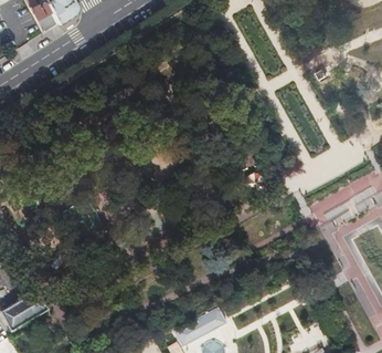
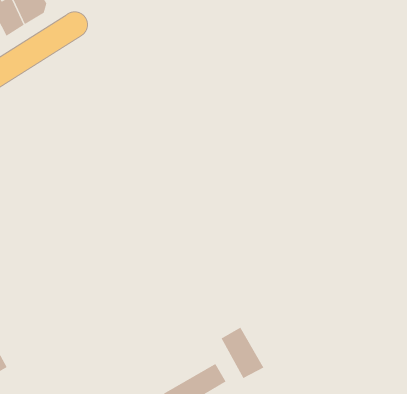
building: none -> [221,327,264,379]

